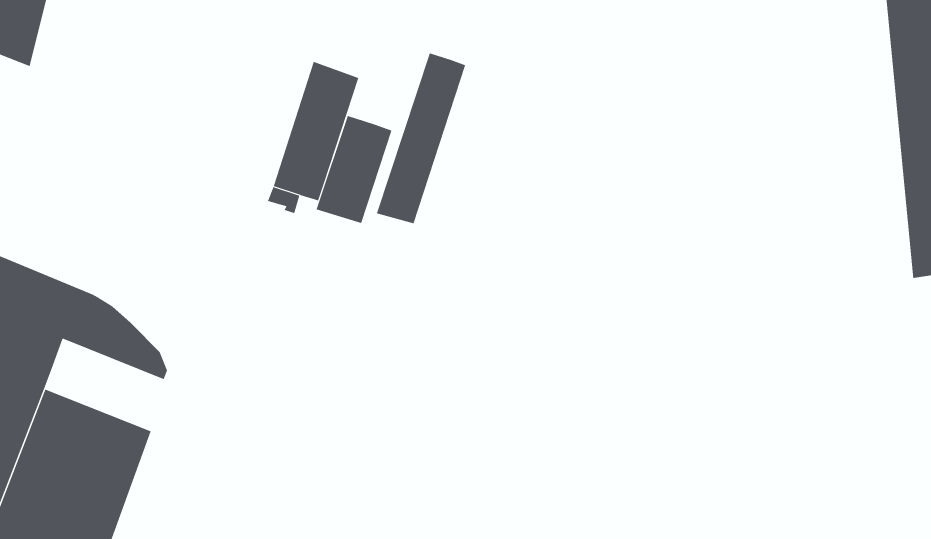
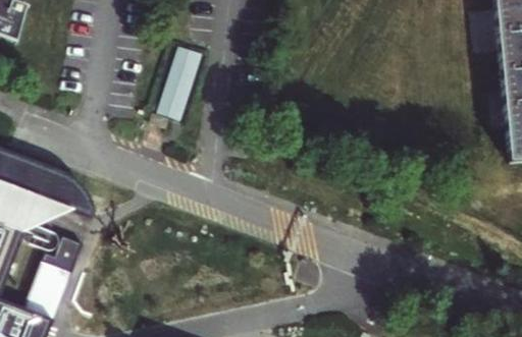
building: [376,52,466,224] -> none
building: [316,115,392,224] -> none

